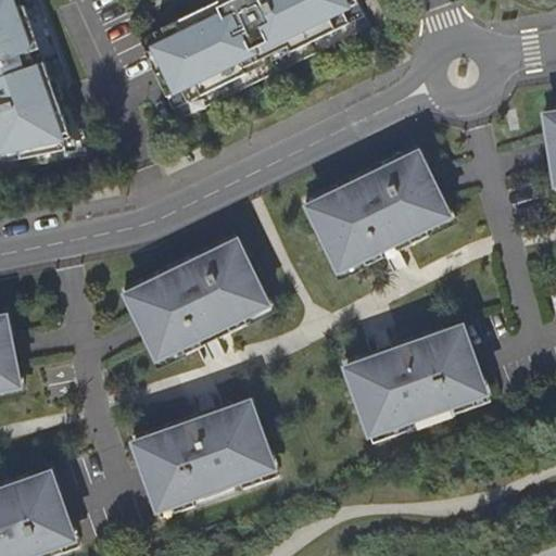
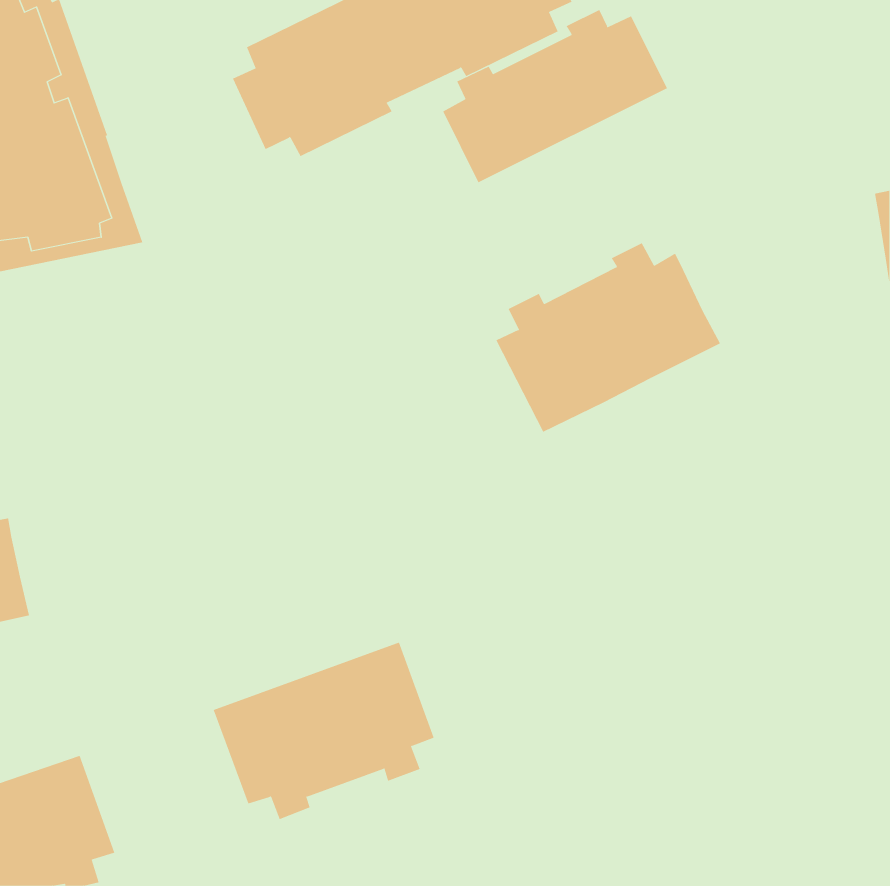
building: none -> [443,9,668,183]
building: [128,240,267,357] -> none
building: [344,325,482,435] -> none

